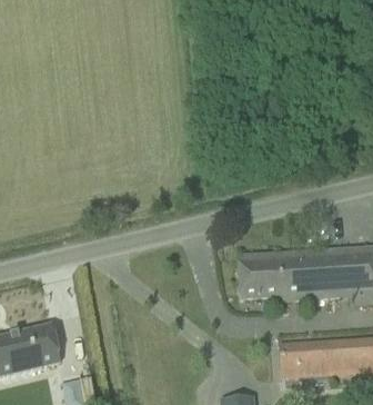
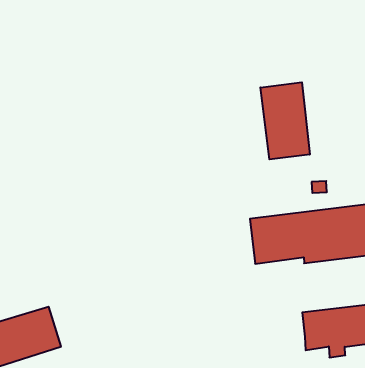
building: none -> [260,82,310,159]

